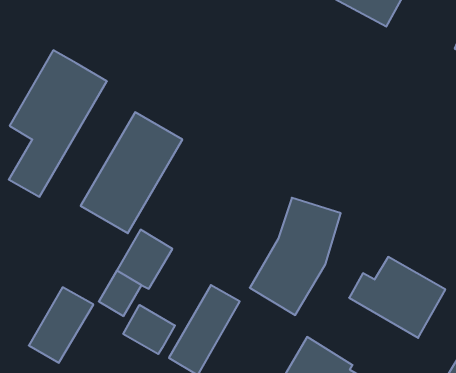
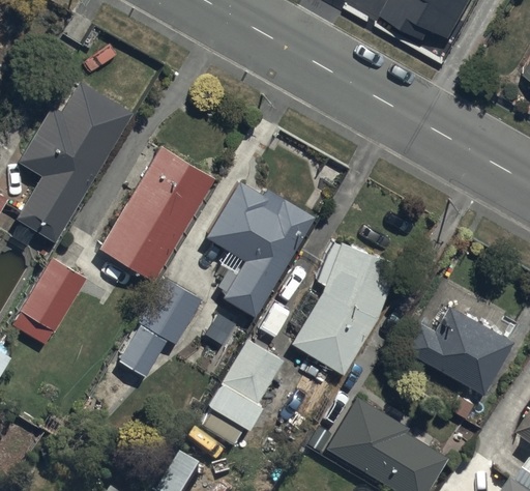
building: none -> [206,180,314,316]
building: [29,287,93,363] -> [14,257,88,343]
building: [123,305,175,354] -> none

